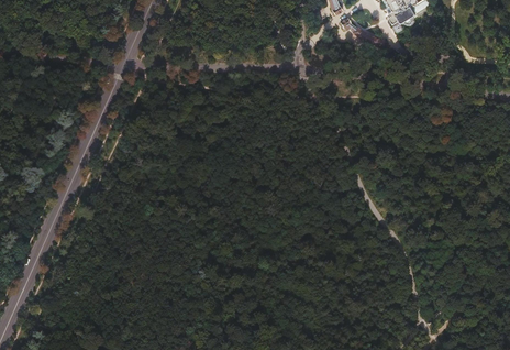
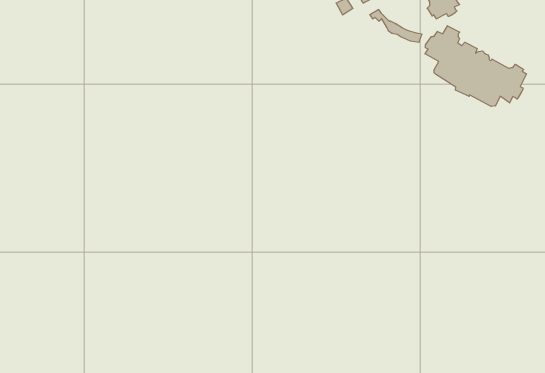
building: none -> [425,26,526,106]

